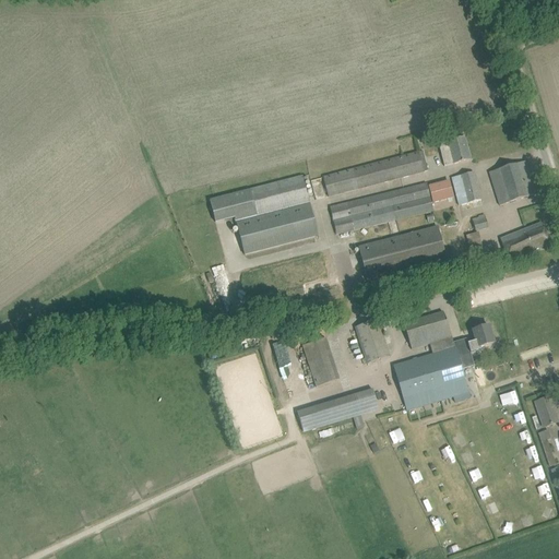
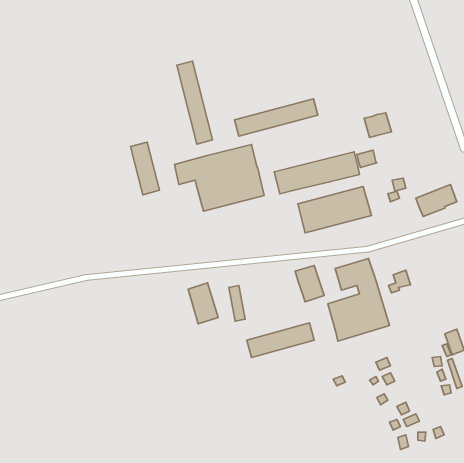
building: none -> [177,61,212,144]
building: [323,151,424,195] -> [234,99,318,136]
building: [489,159,536,204] -> none
building: [452,170,480,204] -> none
building: none -> [131,142,159,195]
building: [302,337,338,386] -> [188,283,218,324]

